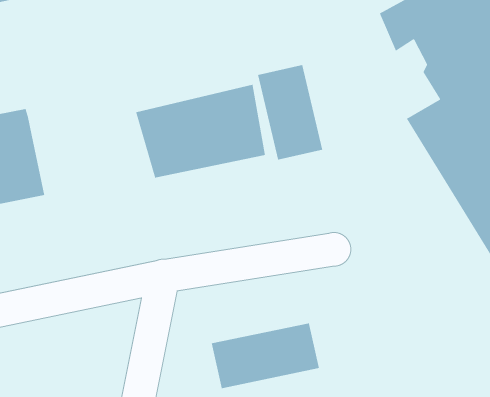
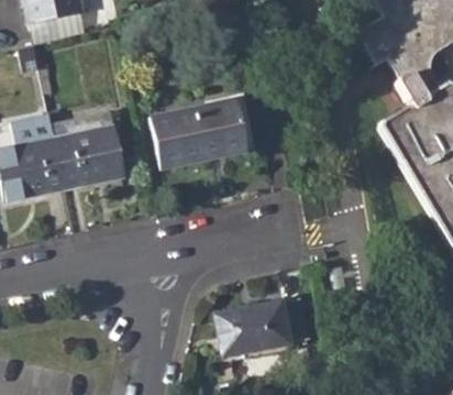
building: [257,64,323,161] -> none
building: none -> [55,110,129,188]

